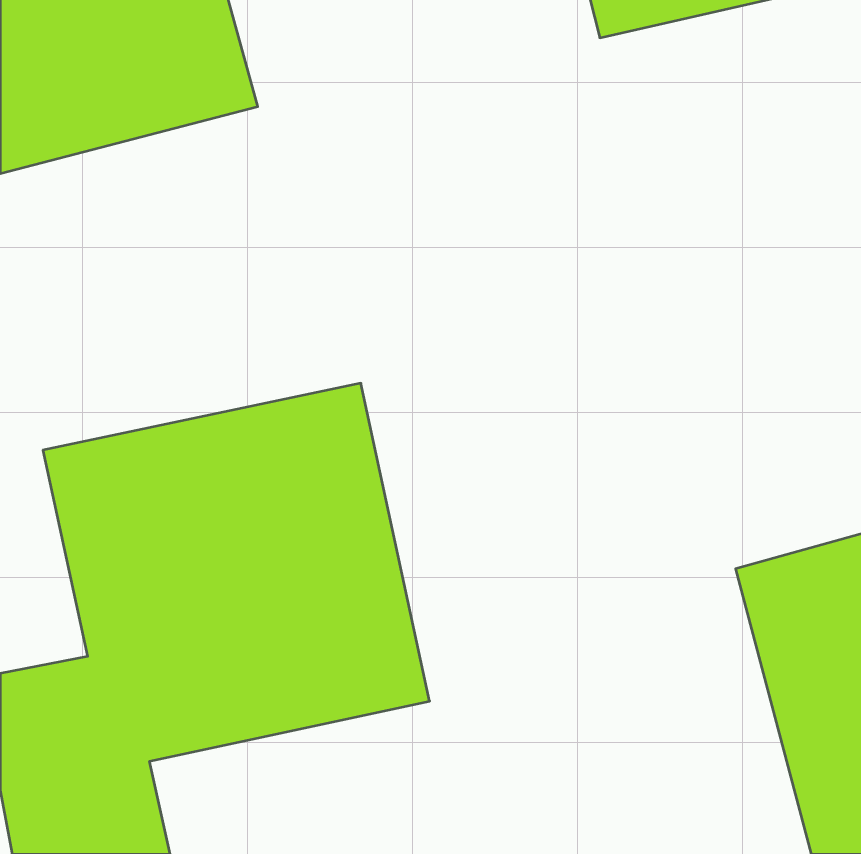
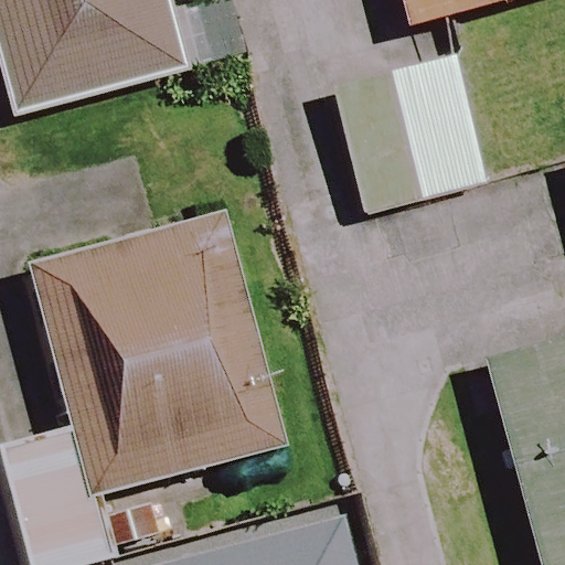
building: none -> [335,54,486,212]

